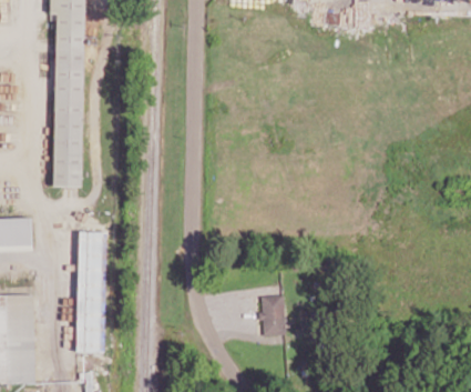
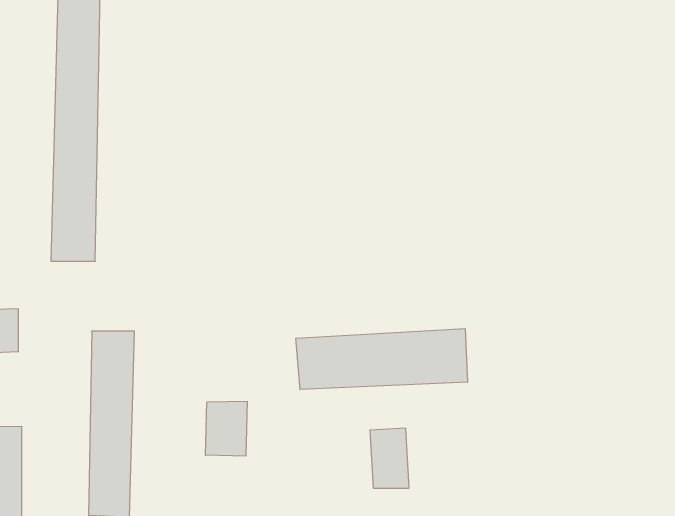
building: none -> [296,329,467,390]
building: none -> [205,401,247,456]

